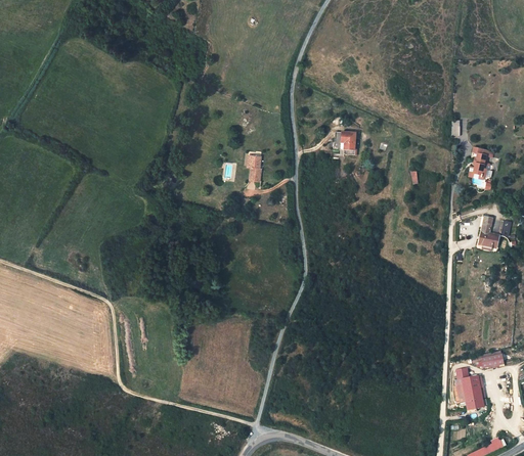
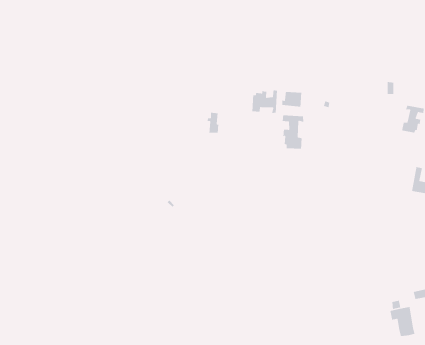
building: none -> [251,90,278,114]
building: none -> [282,115,304,150]

